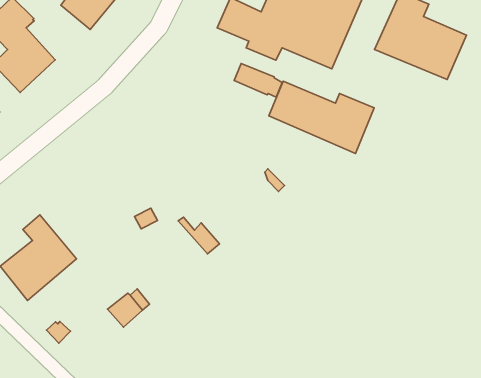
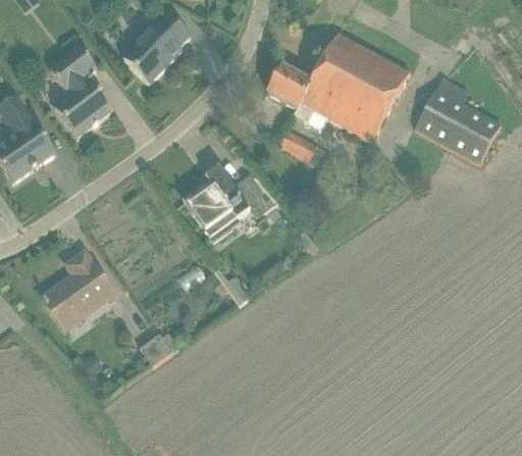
building: [269,81,374,154] -> none
building: none -> [184,165,277,237]

